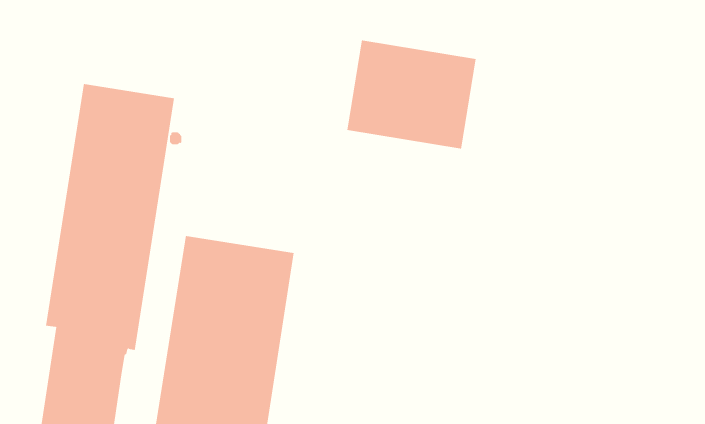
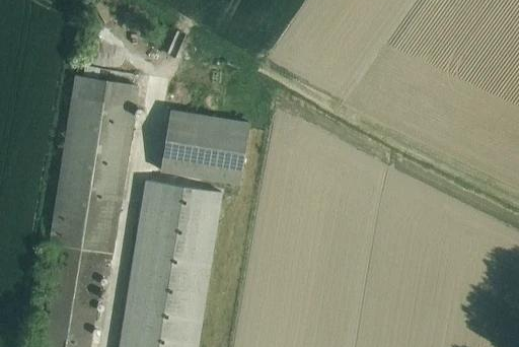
building: [346,40,476,149] -> [160,109,250,185]

